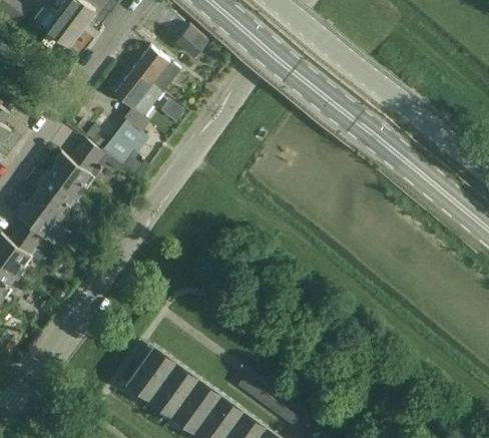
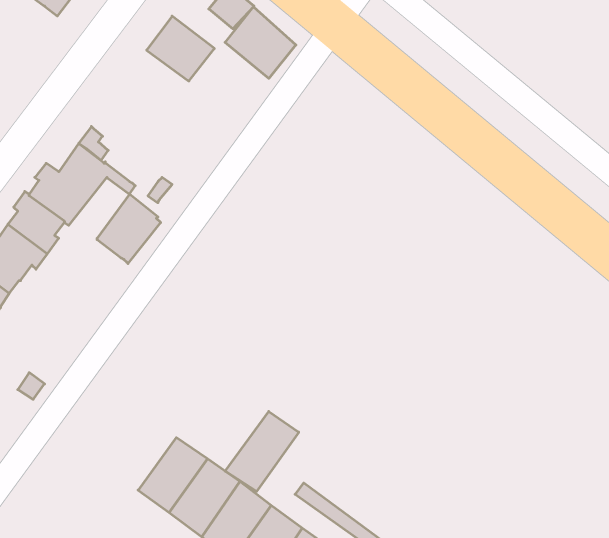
building: none -> [225,7,296,78]
building: [113,72,161,117] -> none
building: [102,120,147,169] -> [97,194,161,264]
building: none -> [225,411,299,491]

